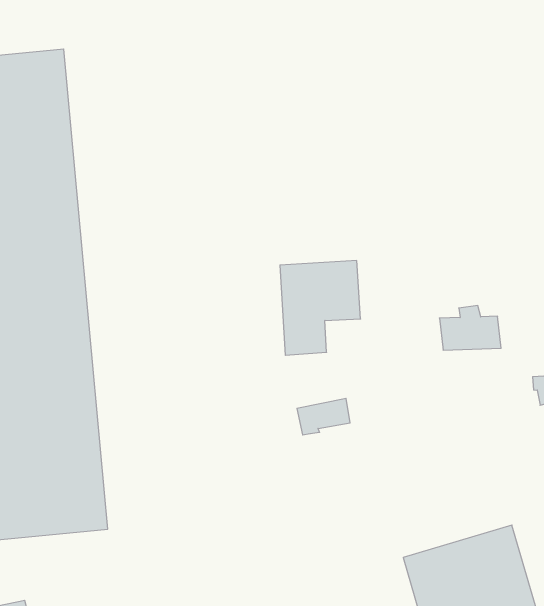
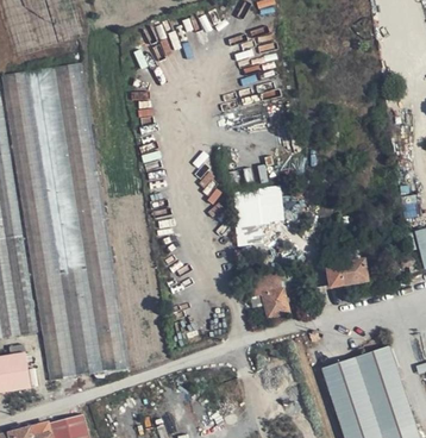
building: [439,306,501,350] -> [326,256,367,286]
building: none -> [261,288,287,318]

